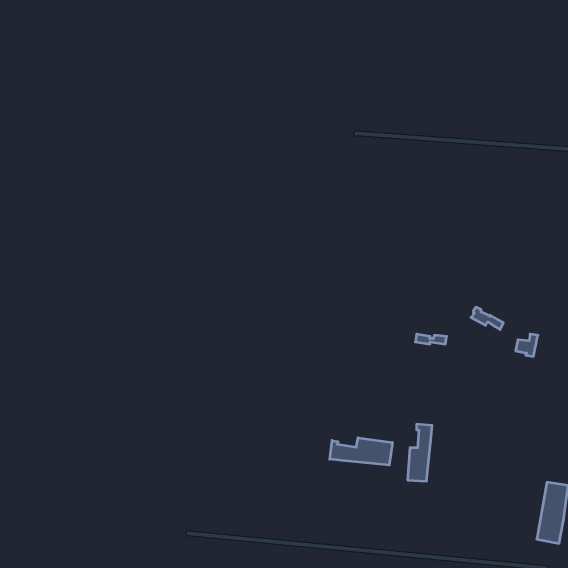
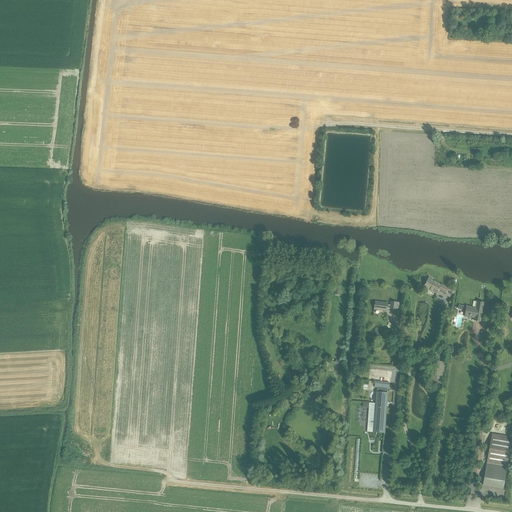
building: [330,438,392,465] -> none

